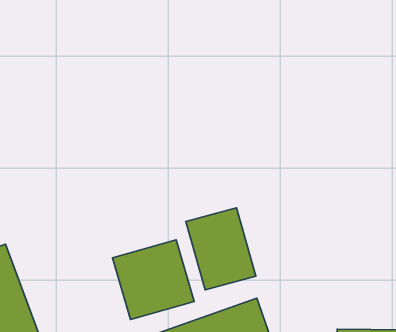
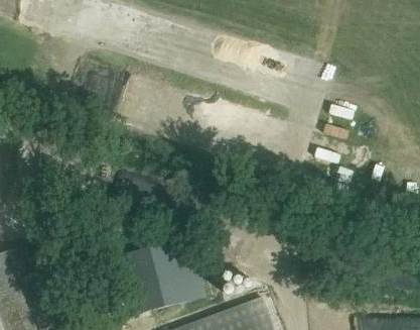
building: [186,208,256,290] -> none

